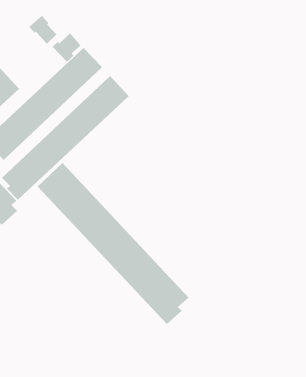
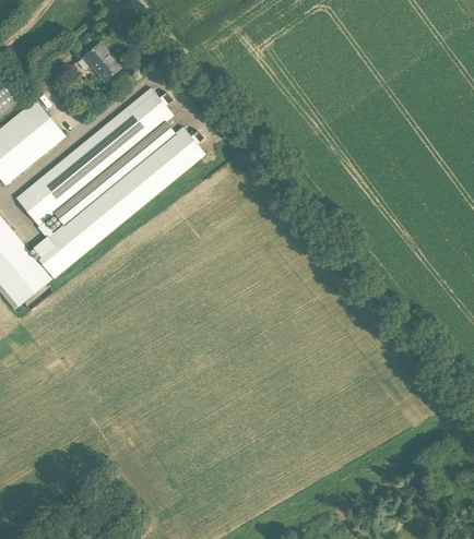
building: [52,33,82,63] -> none
building: [37,162,190,325] -> none

